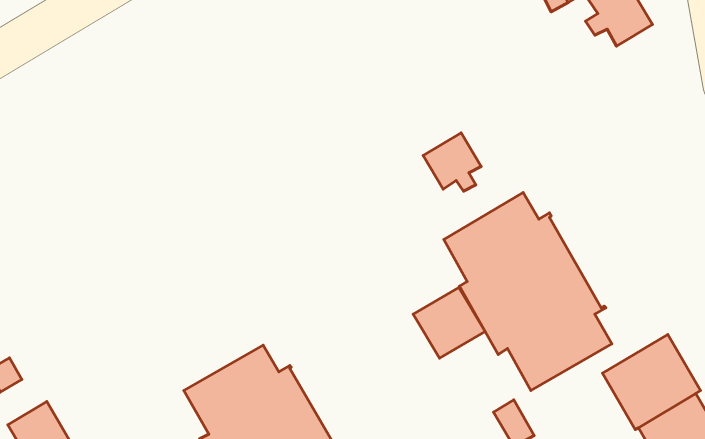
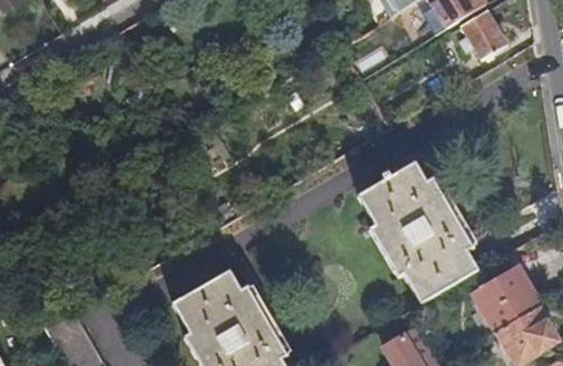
building: [423,133,481,191] -> none
building: [413,287,485,358] -> none

